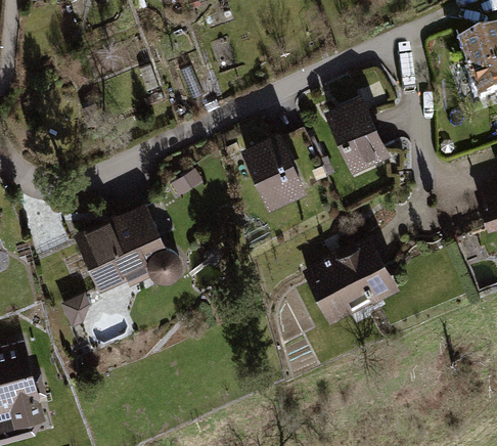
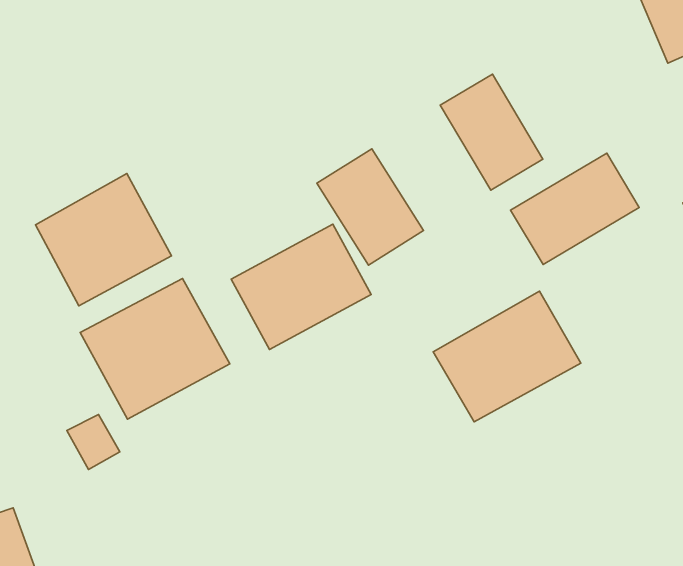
building: none -> [35,174,171,306]
building: none -> [511,153,639,264]
building: none -> [231,224,371,350]

